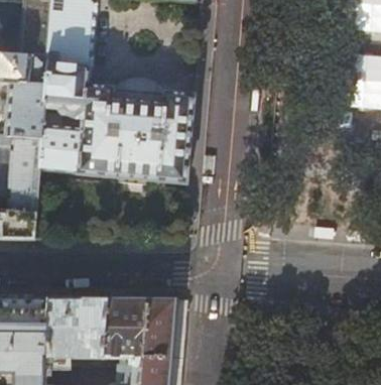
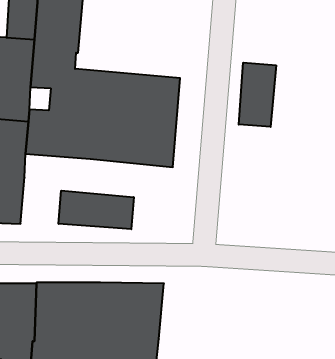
building: none -> [239,63,276,127]
building: none -> [59,191,134,229]

